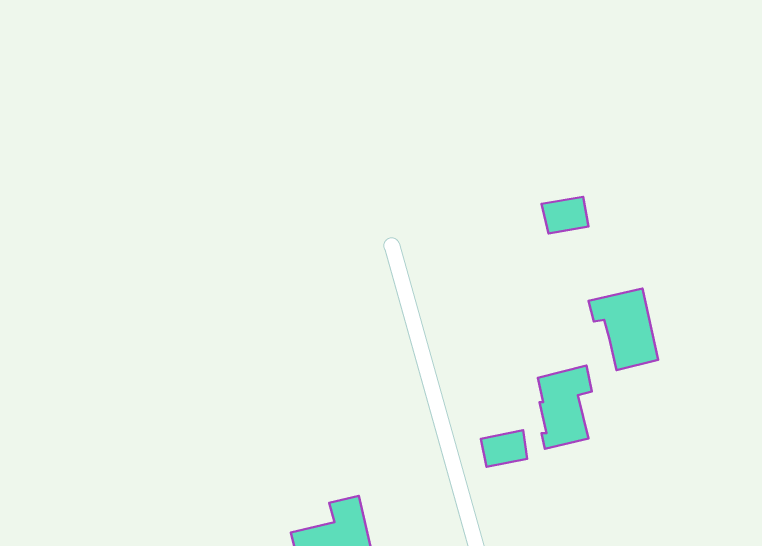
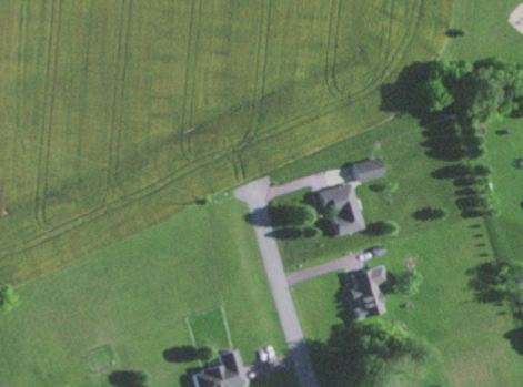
building: [589,289,658,370] -> [318,183,362,235]
building: [481,430,527,467] -> none

